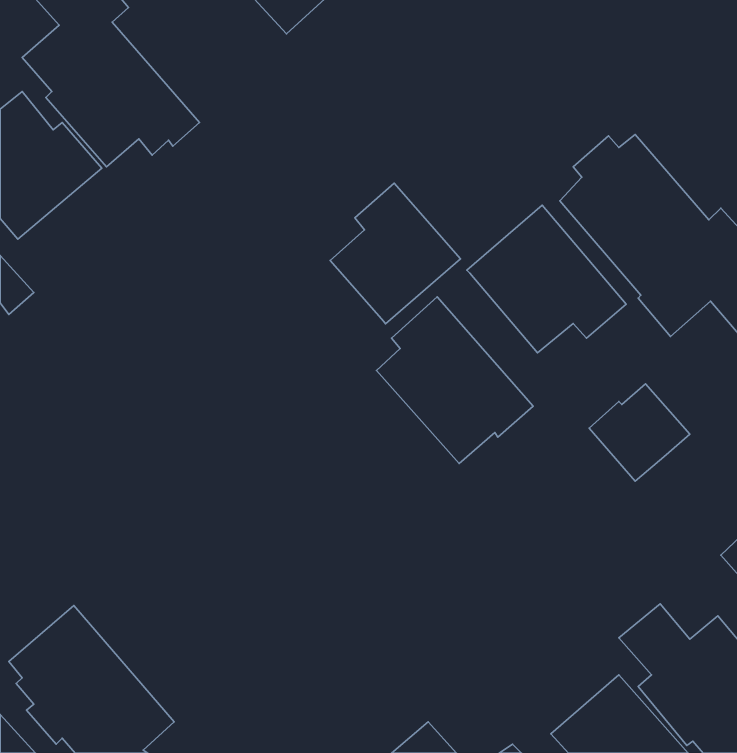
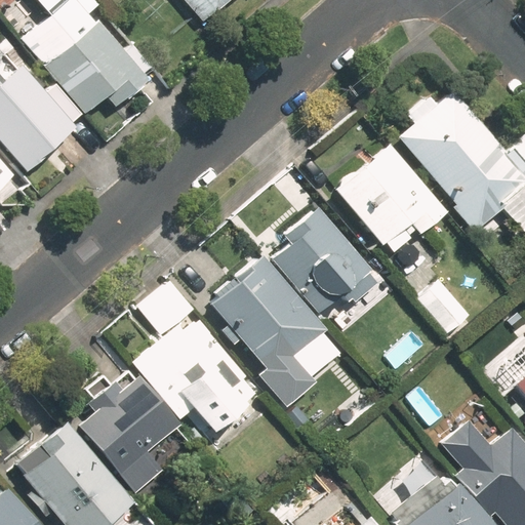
building: [330,183,461,324] -> none
building: none -> [209,256,326,407]
building: none -> [134,280,258,433]
building: none -> [82,376,181,492]

